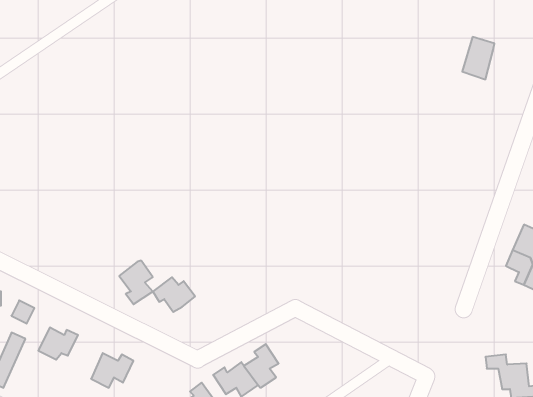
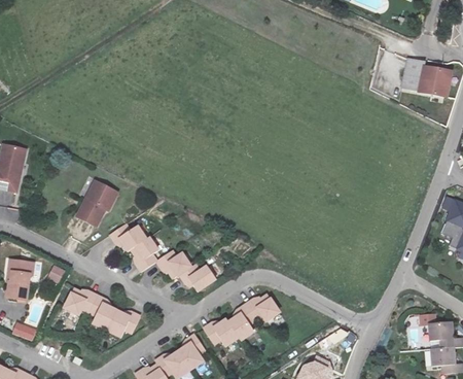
building: none -> [421,66,454,96]
building: none -> [66,184,107,228]
building: none -> [106,221,142,250]
building: none -> [178,261,215,288]
building: none -> [245,291,279,317]
building: none -> [86,295,114,330]

